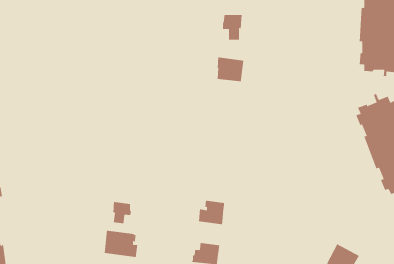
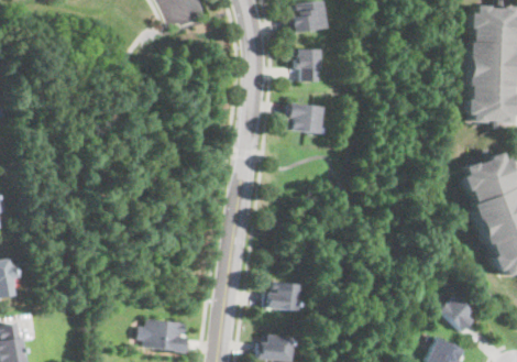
building: [113,201,131,224] -> none
building: none -> [440,293,474,330]

